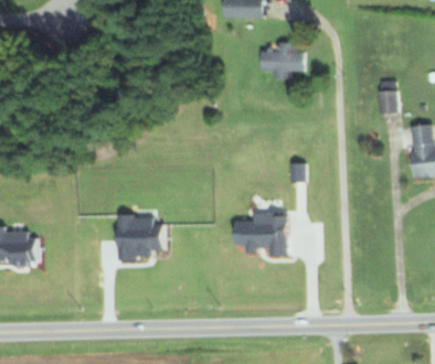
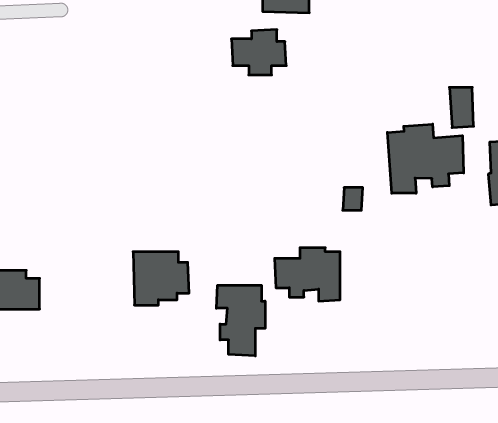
building: [259,42,305,79] -> [231,30,286,75]
building: none -> [387,124,464,193]
building: none -> [216,285,265,356]

